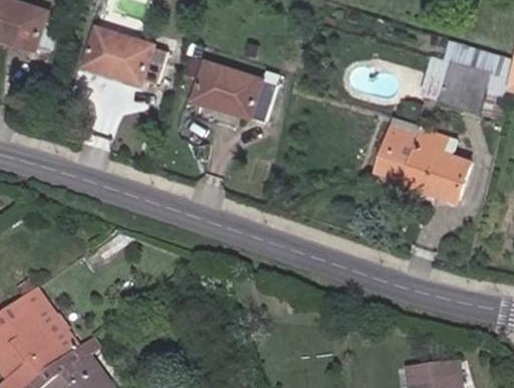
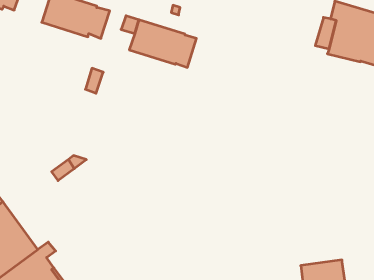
building: [374,119,468,201] -> none

